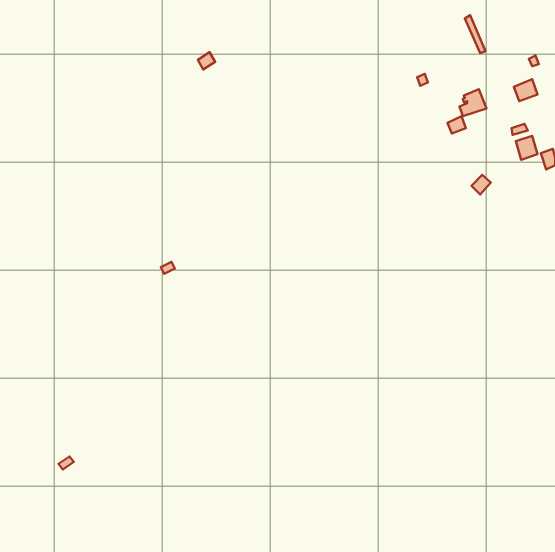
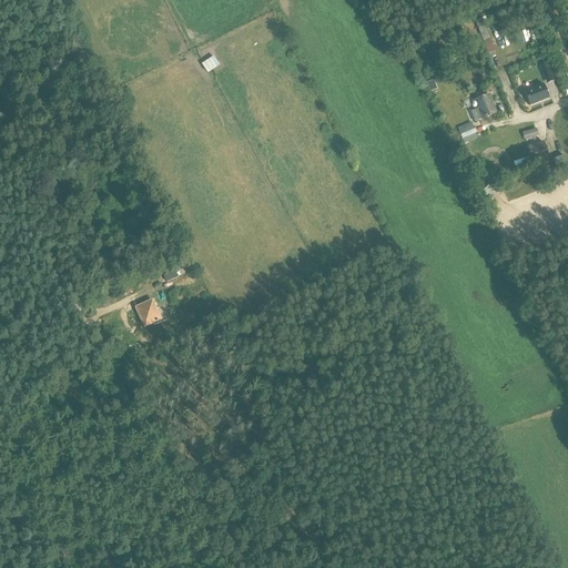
building: none -> [134,296,162,325]

